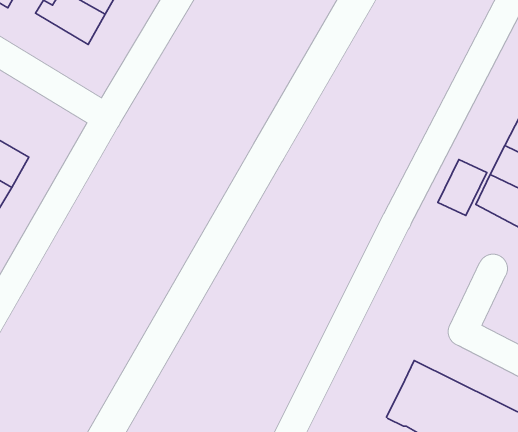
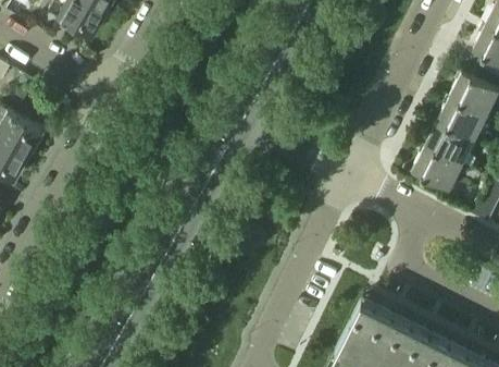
building: [438,159,487,216] -> none

